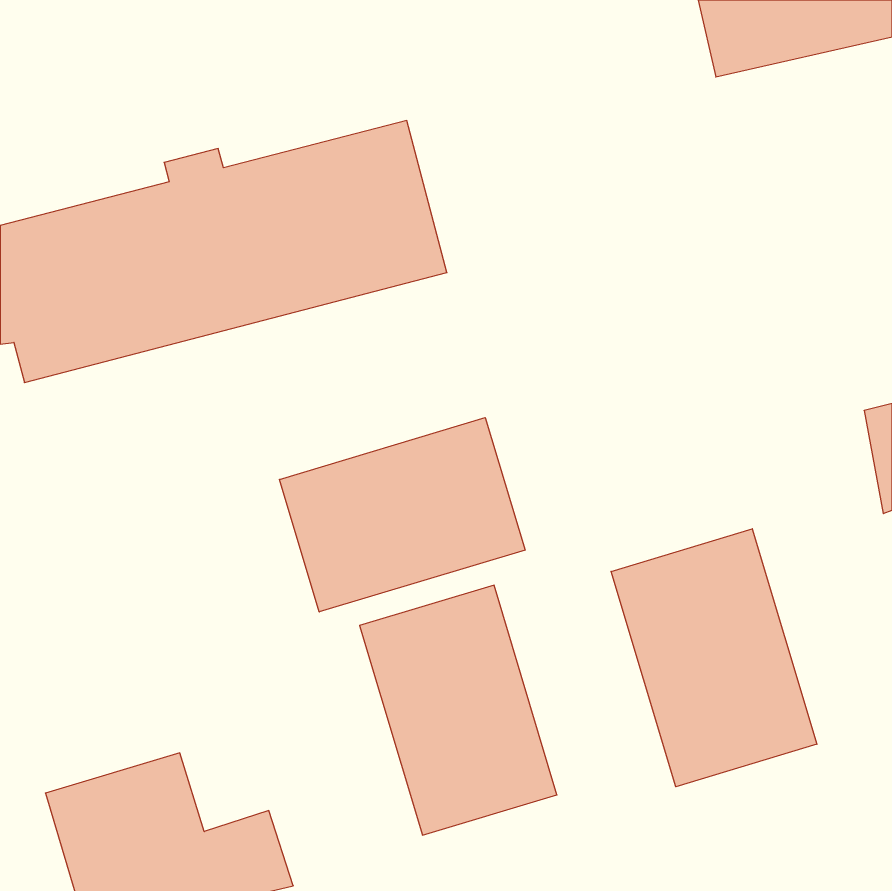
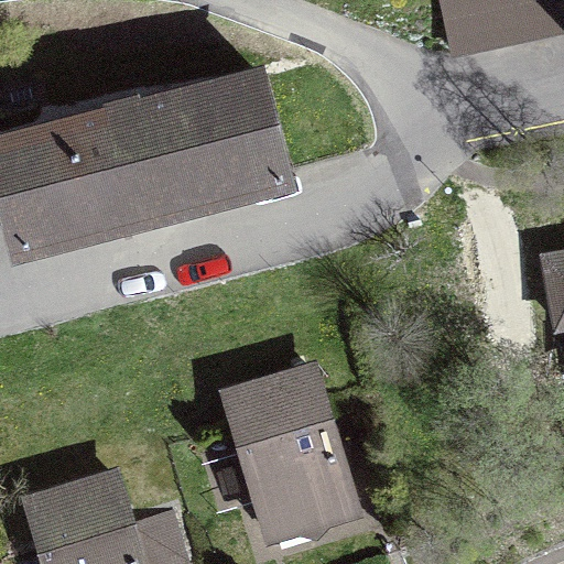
building: [279,418,525,612] -> none
building: [611,529,817,787] -> none

